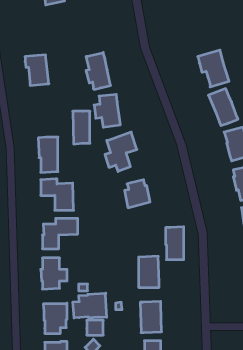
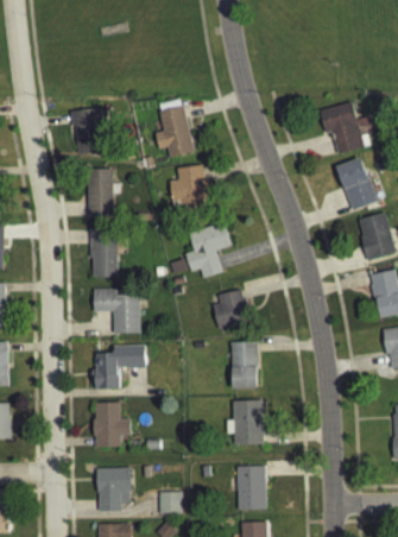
building: [73,111,90,144] -> [88,169,113,216]
building: [166,227,184,260] -> [232,341,258,388]
building: [73,293,107,318] -> none

